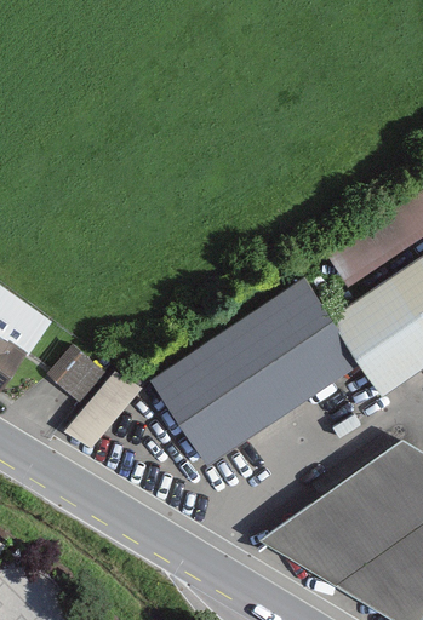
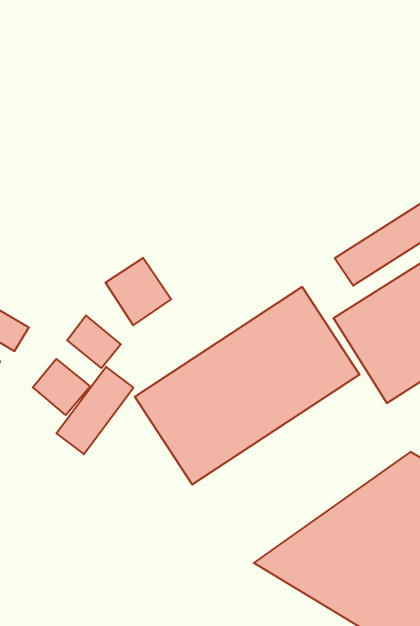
building: none -> [106,258,171,325]
building: none -> [67,315,121,368]

